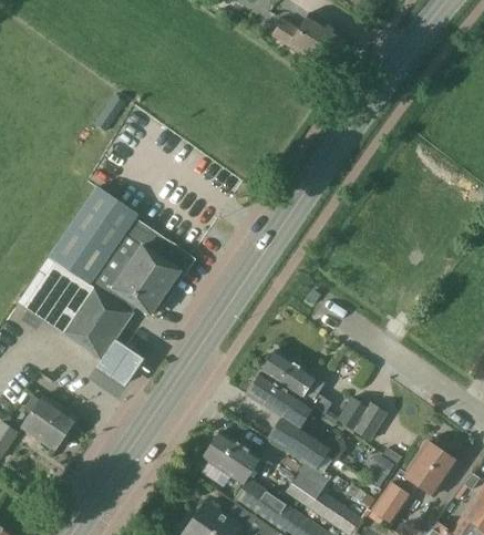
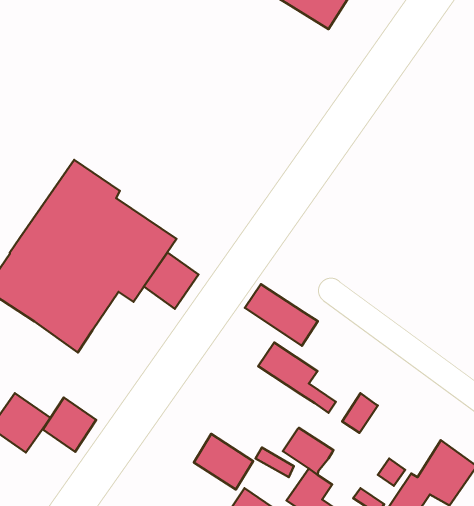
building: none -> [144,252,198,309]
building: [96,339,144,388] -> [43,398,96,452]
building: [247,371,312,426] -> [245,284,318,346]
building: [353,401,387,440] -> none

